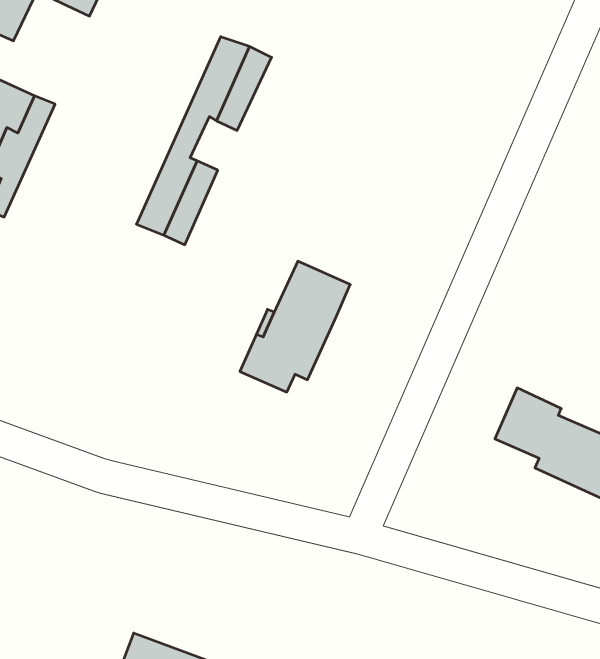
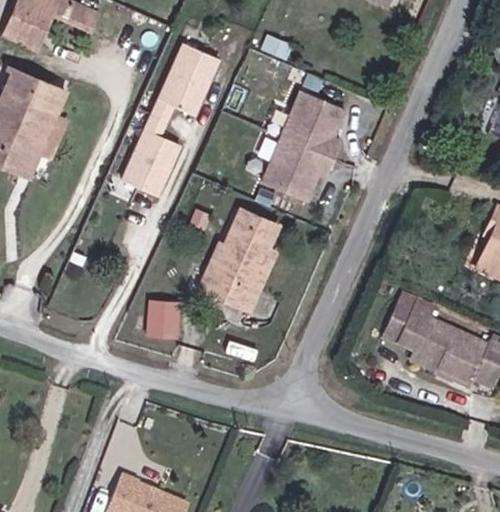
building: none -> [265,84,347,194]
building: none -> [232,247,277,311]
building: none -> [145,293,184,334]

